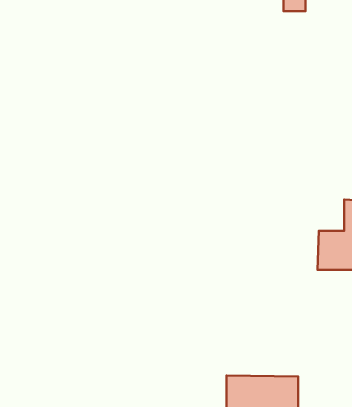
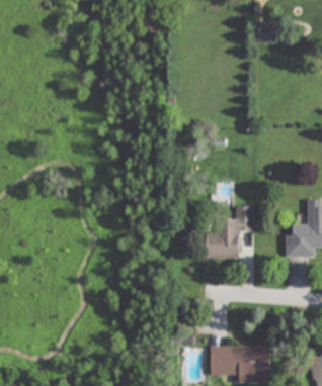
building: none -> [206,204,253,258]

